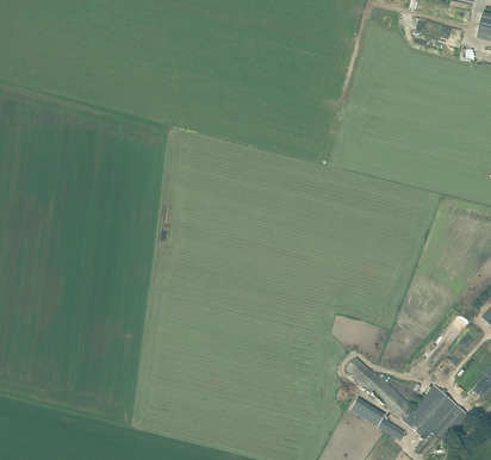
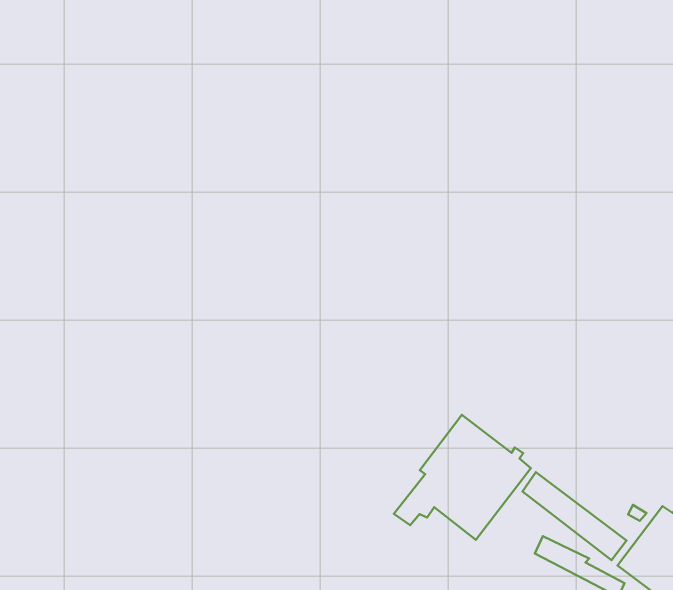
building: none -> [394,415,531,540]

